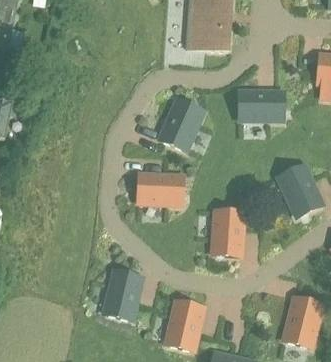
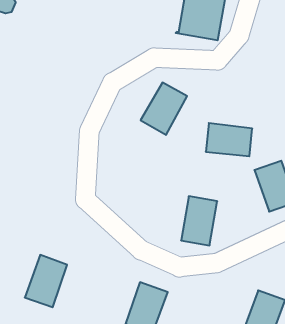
building: [239,90,283,119] -> [206,123,252,156]
building: [137,173,183,204] -> none
building: [103,269,142,320] -> [25,255,67,307]

